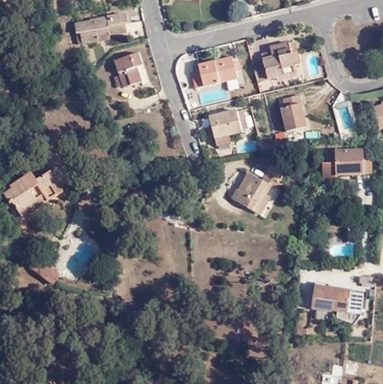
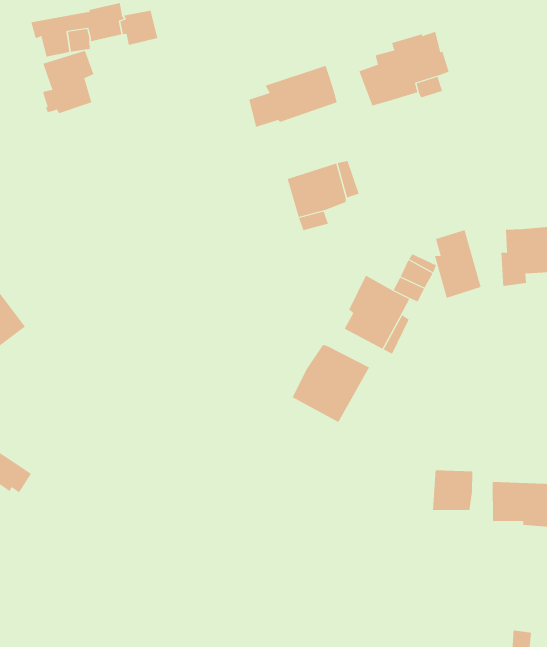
building: [113,54,141,88] -> [42,50,94,114]
building: [284,94,309,131] -> [434,230,481,299]
building: none -> [292,344,370,423]
building: none -> [433,470,473,511]

